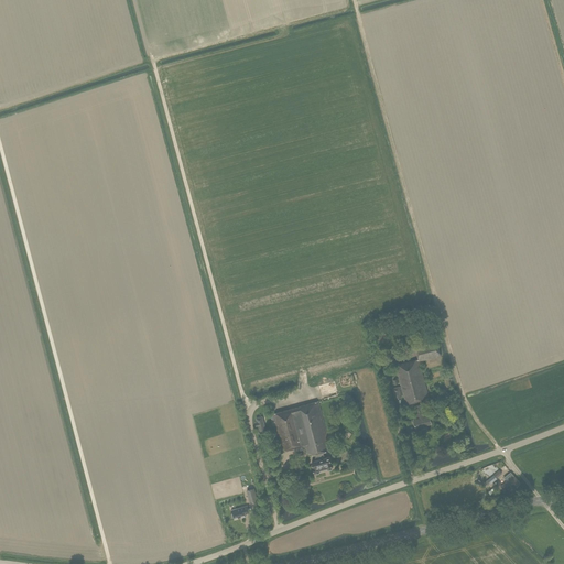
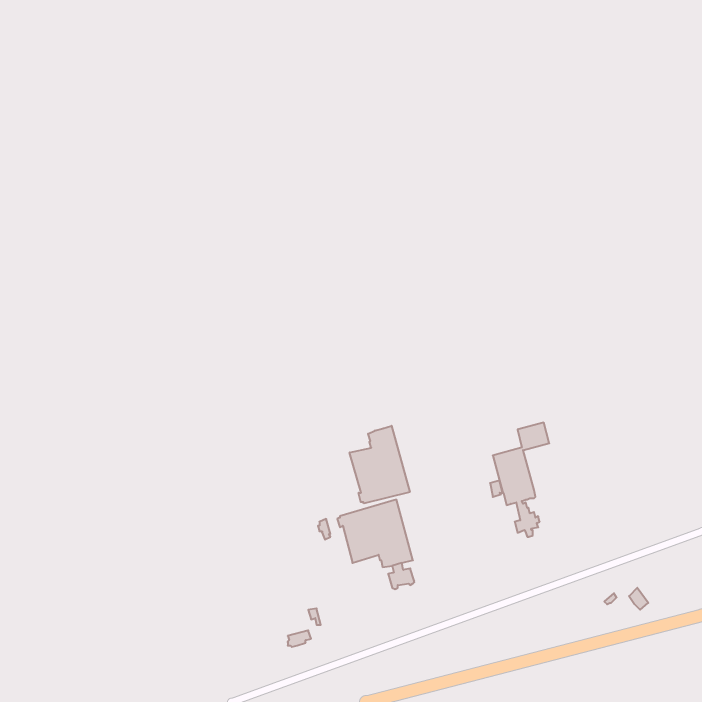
building: none -> [350,426,410,503]

